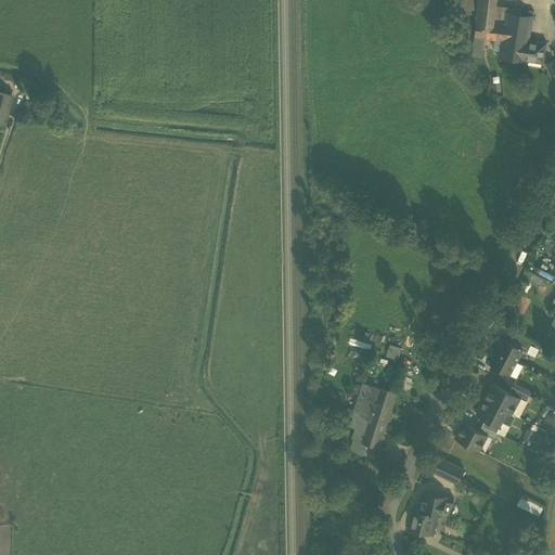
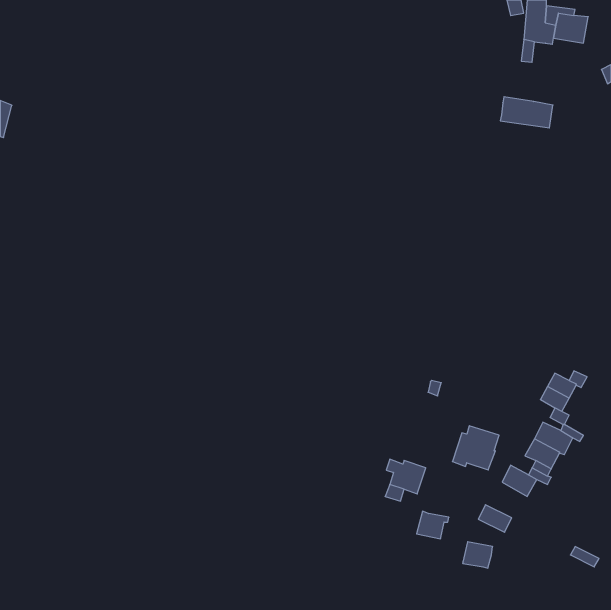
building: [499,36,546,64] -> [500,97,553,128]
building: [353,385,396,425] -> [452,426,499,470]
building: [409,509,438,534] -> [417,511,449,539]

